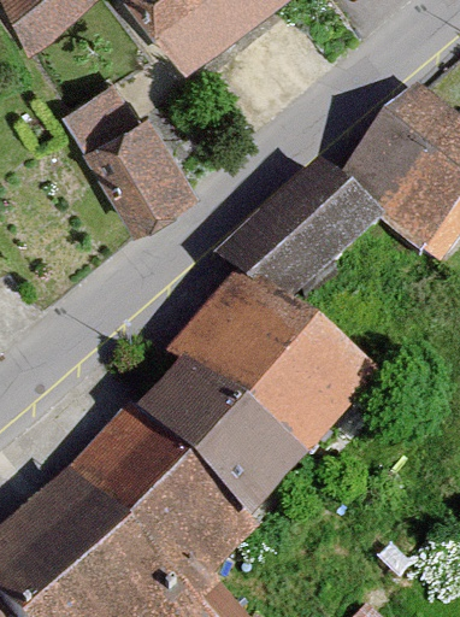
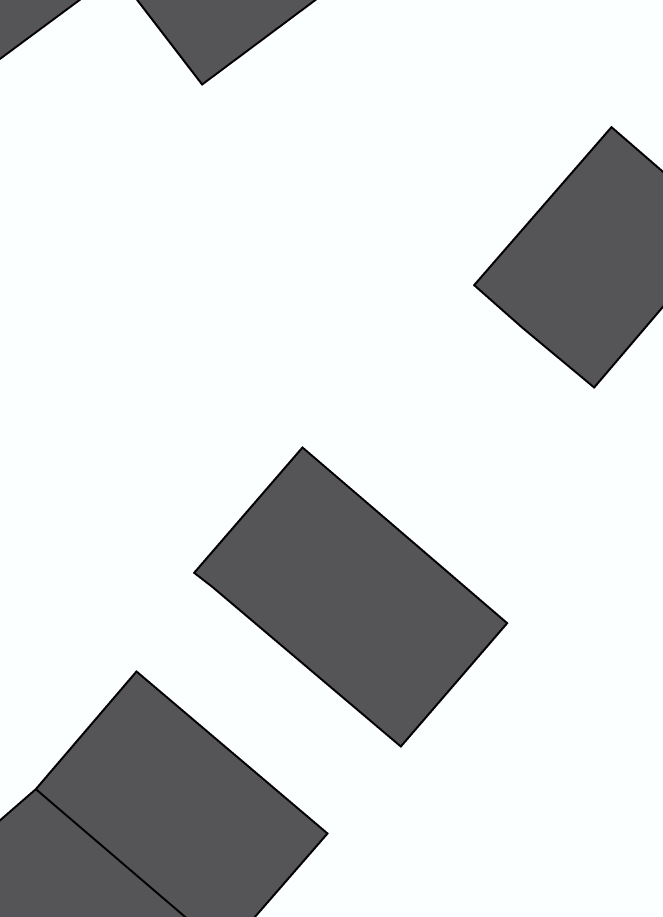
building: [70,86,196,231] -> none
building: [216,160,367,319] -> none
building: [126,370,291,524] -> none

